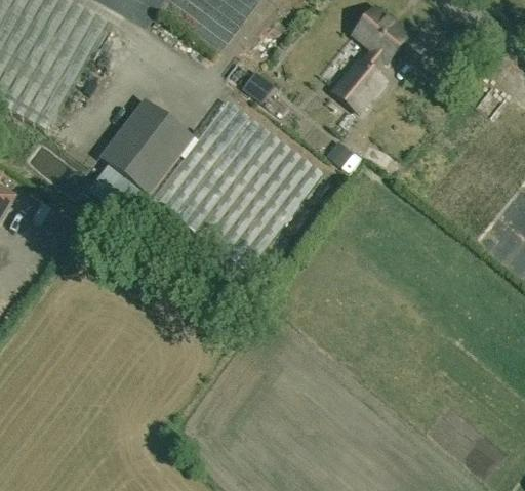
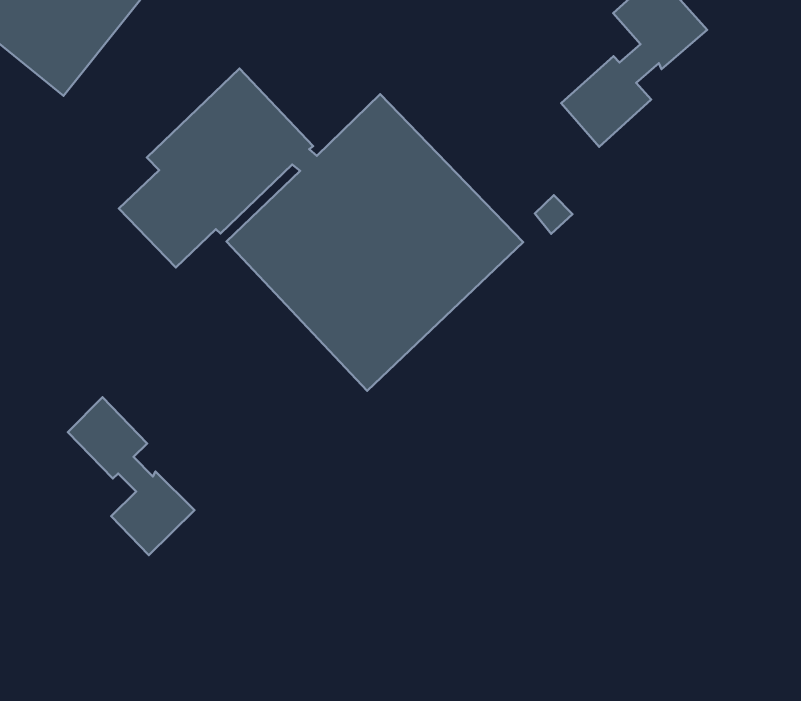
building: none -> [68,397,195,555]

